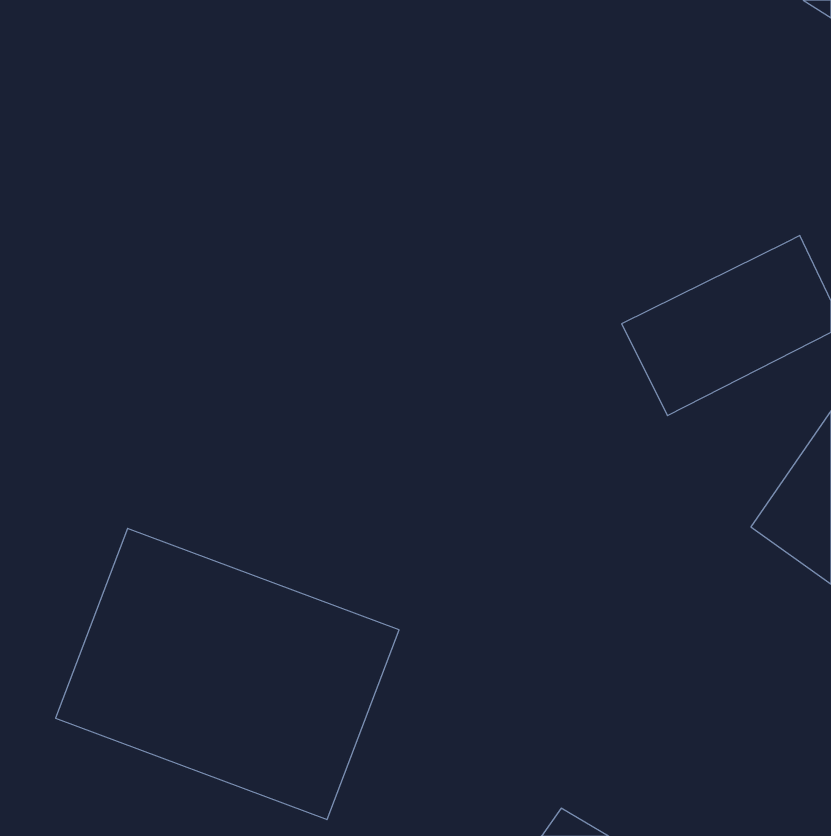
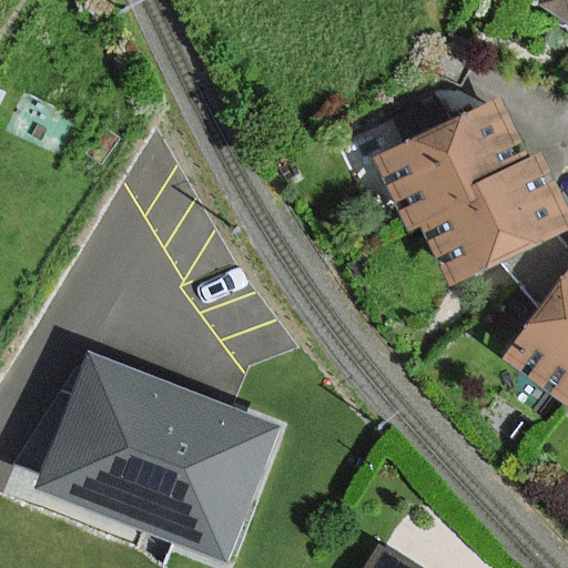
building: none -> [377,98,534,225]

